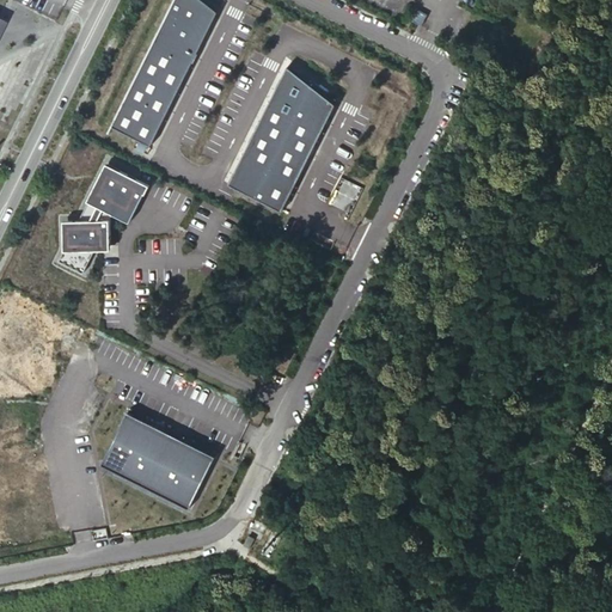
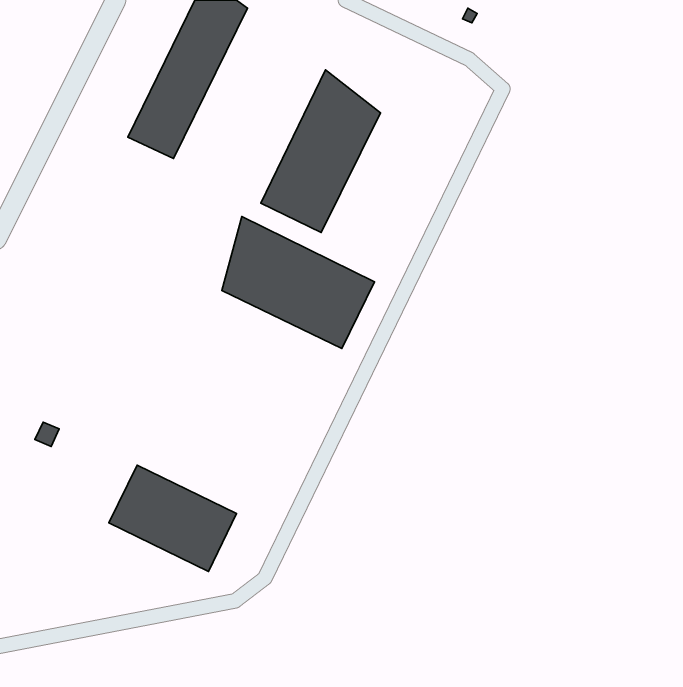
building: [54,166,143,274] -> none
building: none -> [222,216,374,348]

